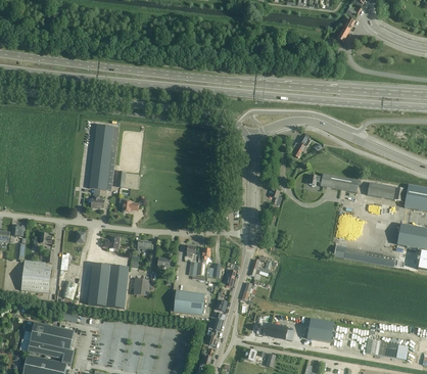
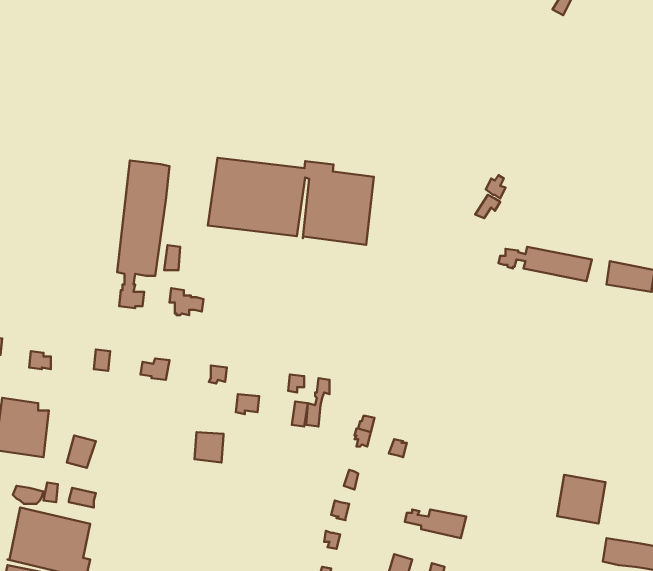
building: none -> [208,158,374,245]
building: [87,263,128,309] -> none
building: [170,289,204,314] -> none
building: [302,317,330,344] -> [557,475,606,523]

